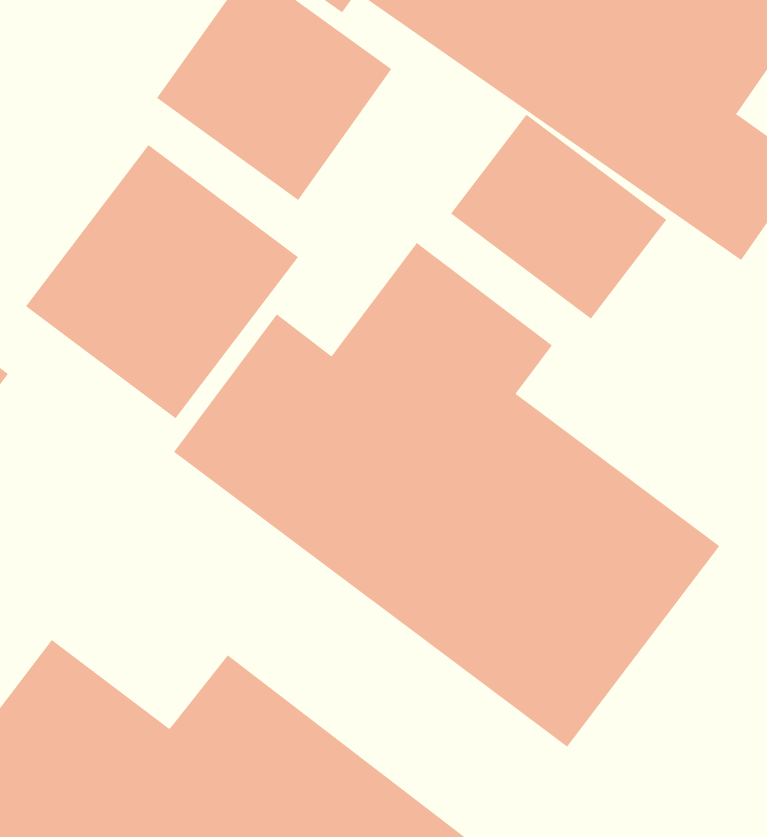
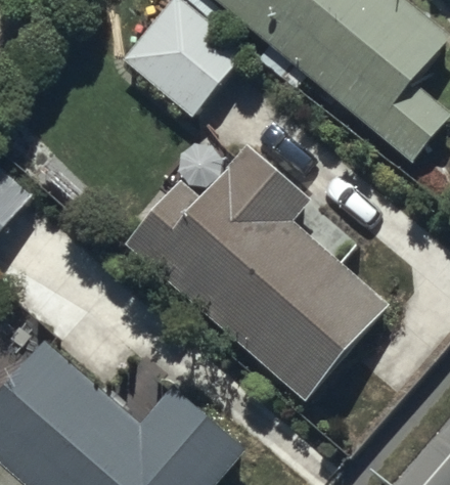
building: [450,114,667,319] -> none
building: [25,144,299,419] -> none

